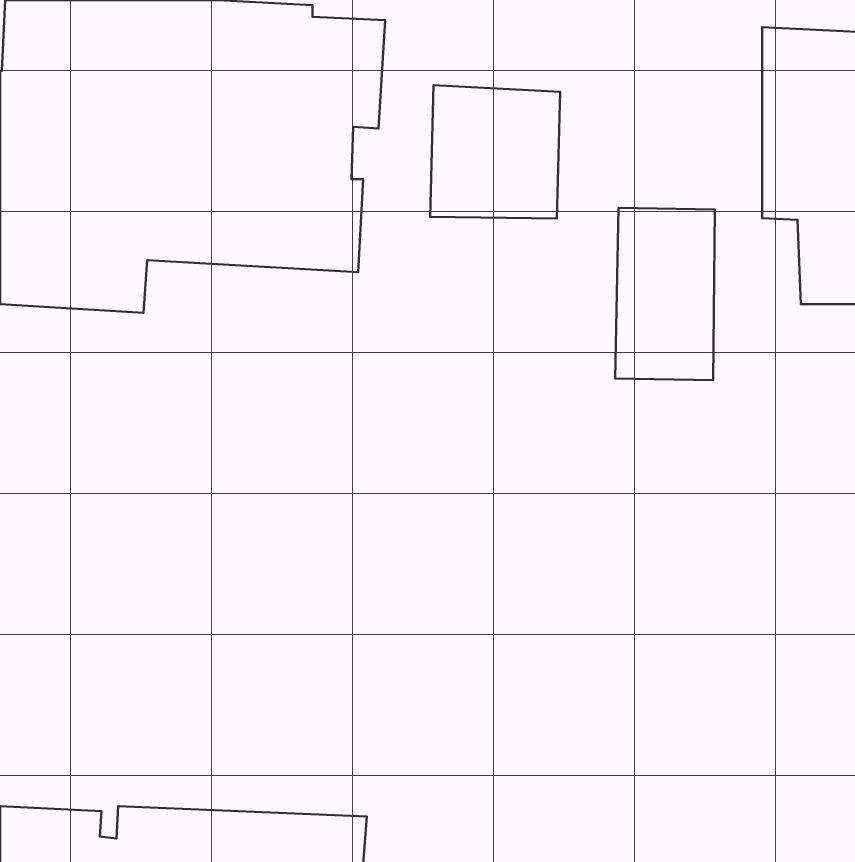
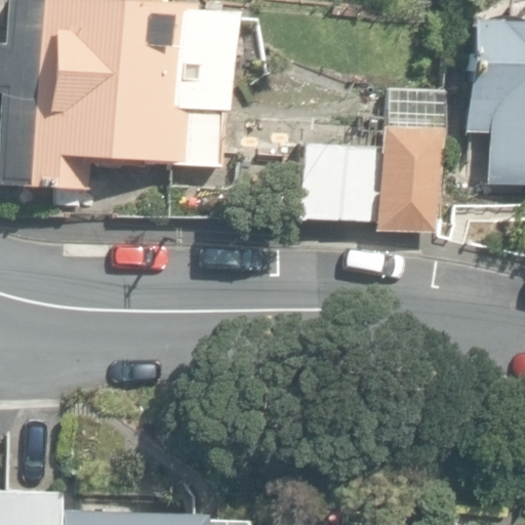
building: [430,85,560,219] -> [300,142,379,223]

